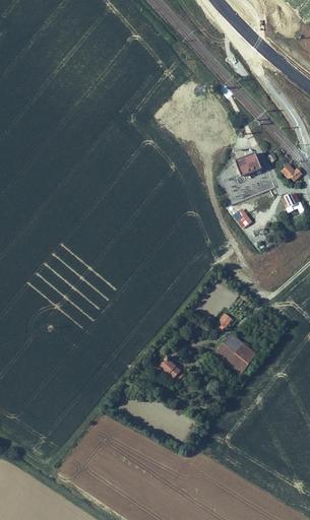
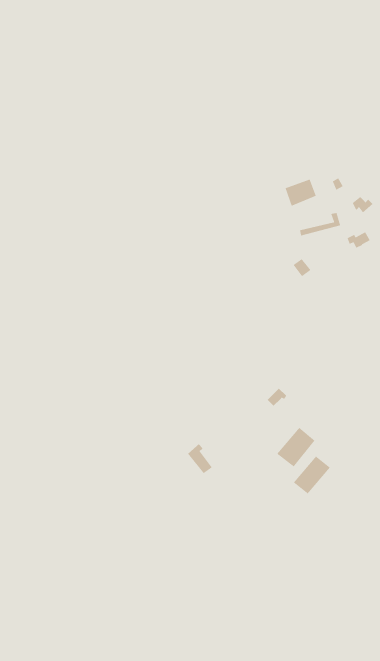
building: [215,332,244,362] -> [293,455,331,495]

